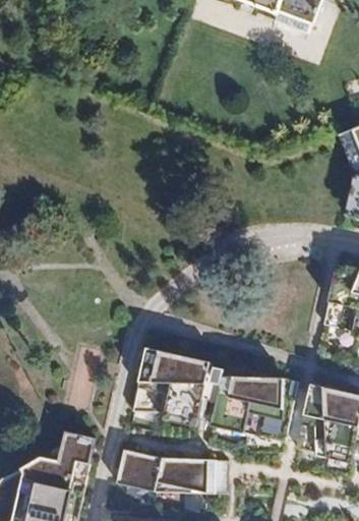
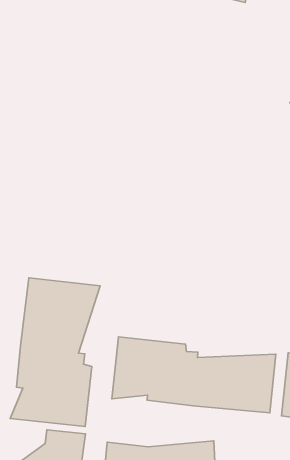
building: none -> [10,278,100,426]

